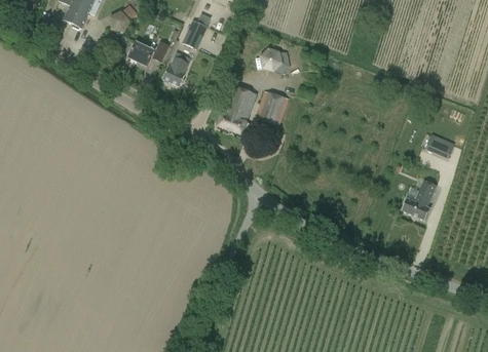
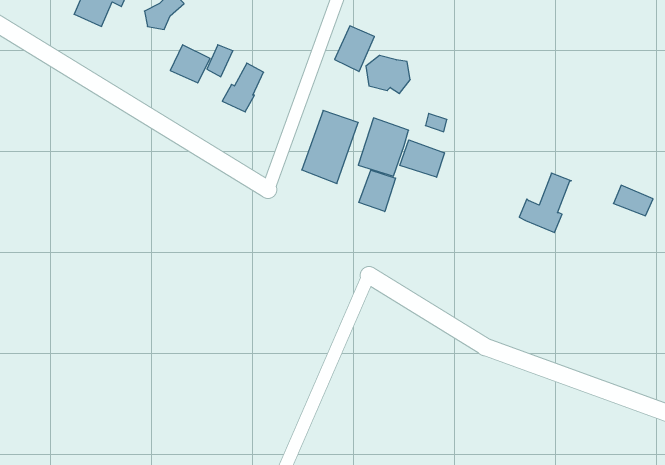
building: [182,18,209,49] -> [335,26,374,72]
building: none -> [400,140,444,177]
building: none -> [359,170,396,212]
building: [400,179,435,219] -> [519,173,571,233]

